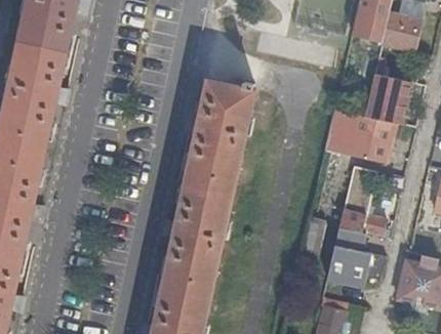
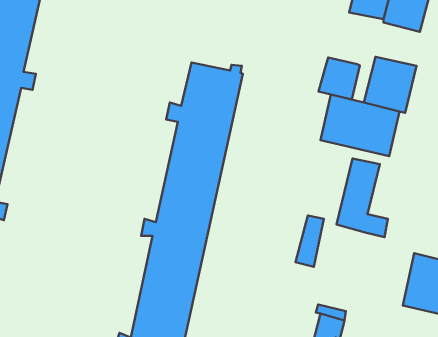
building: none -> [319,57,360,99]
building: [326,225,385,288] -> none

